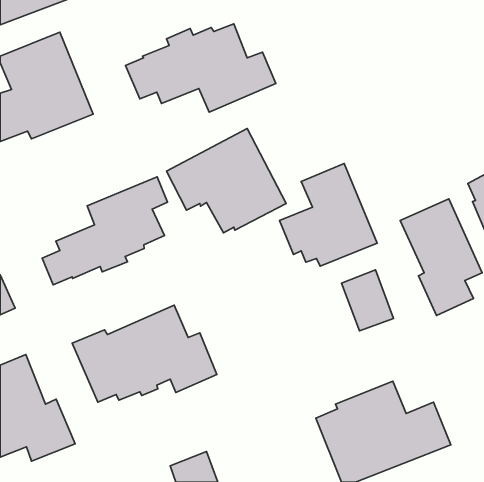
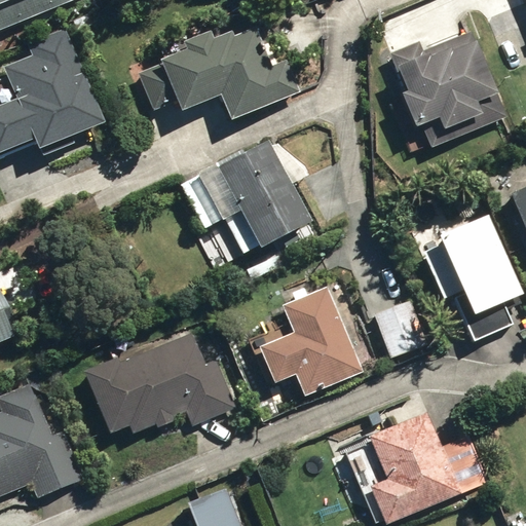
building: none -> [392,28,513,143]
building: [279,163,377,266] -> [257,287,363,398]
building: [42,177,168,285] -> none

